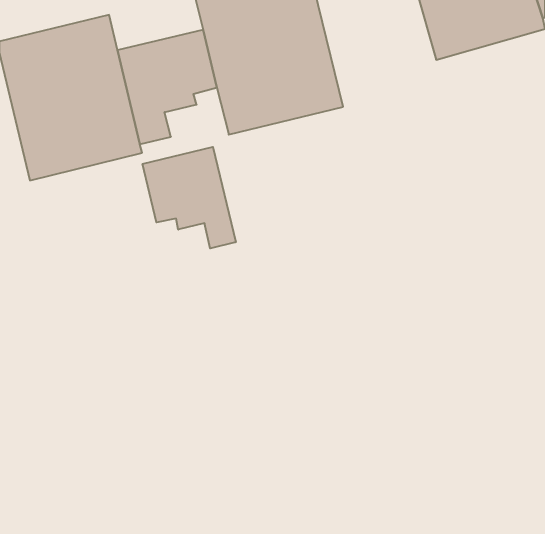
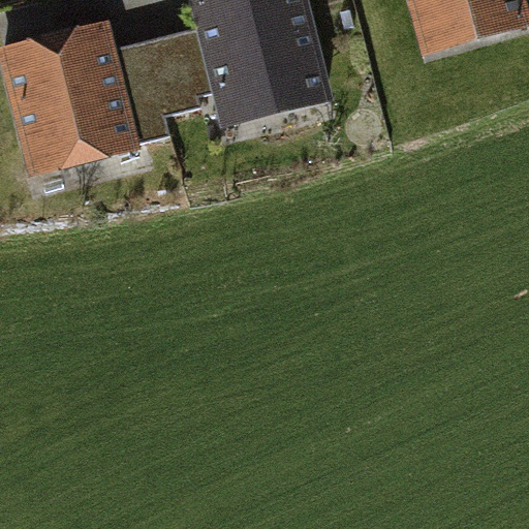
building: [143,147,236,248] -> none

